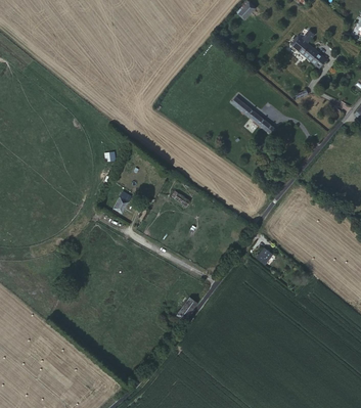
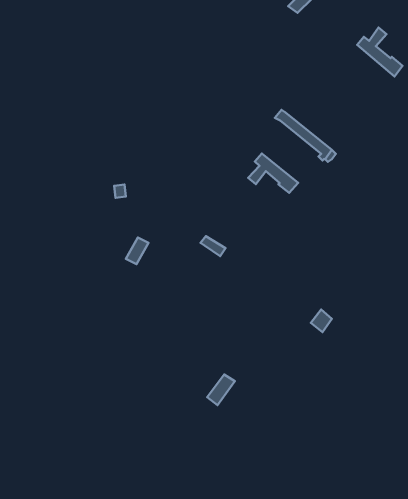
building: none -> [248,153,298,193]

